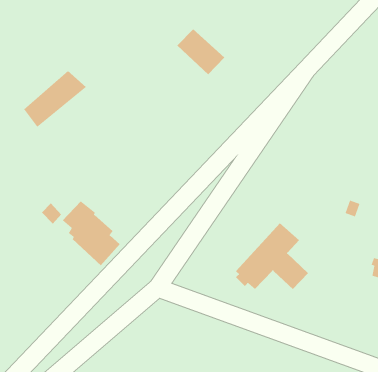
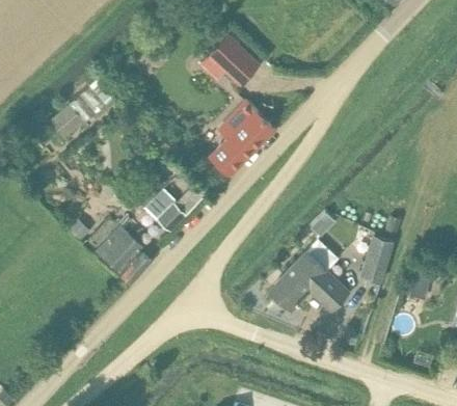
building: none -> [211,104,274,175]
building: none -> [140,184,208,233]
building: none -> [359,236,394,283]

